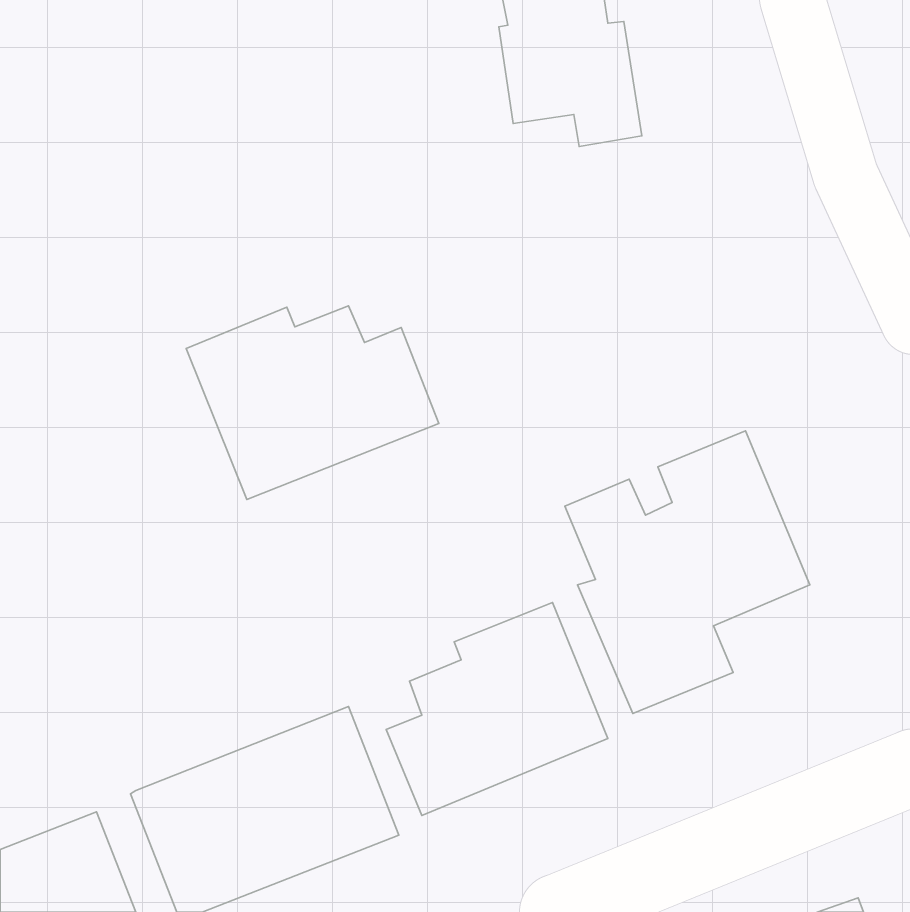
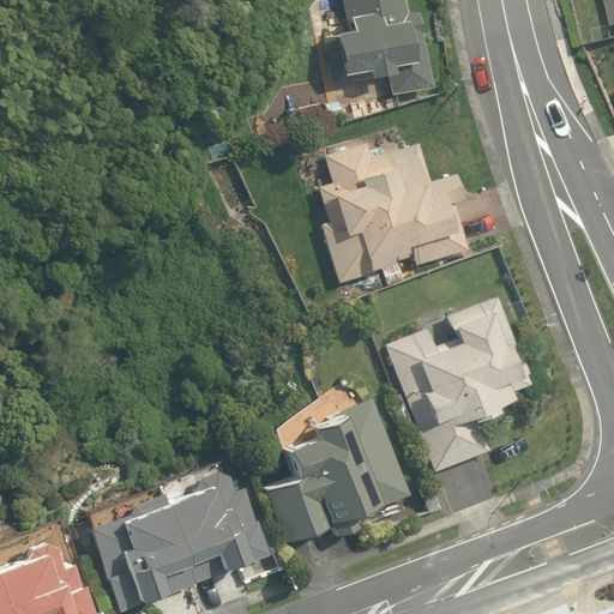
building: none -> [314,133,486,283]
building: [186,306,439,500] -> none

